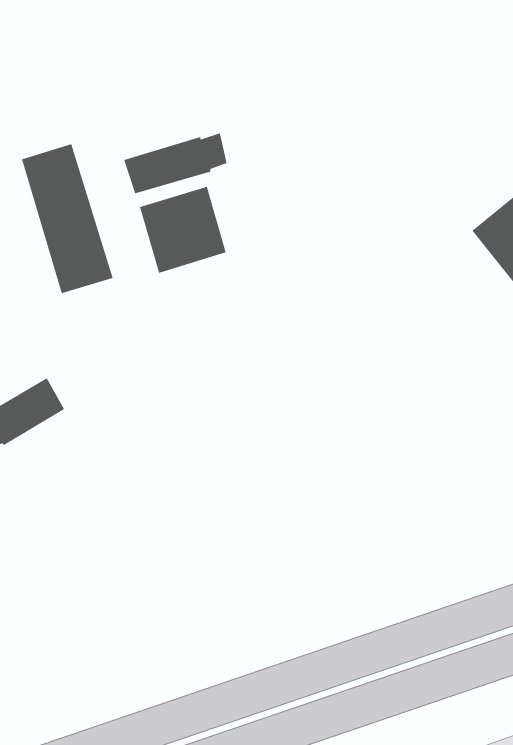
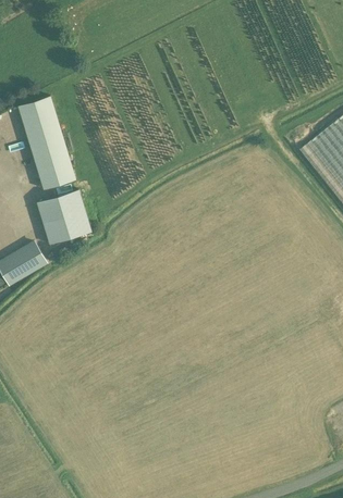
building: [124,133,227,194] -> none
building: [139,186,227,273] -> [37,189,91,244]

